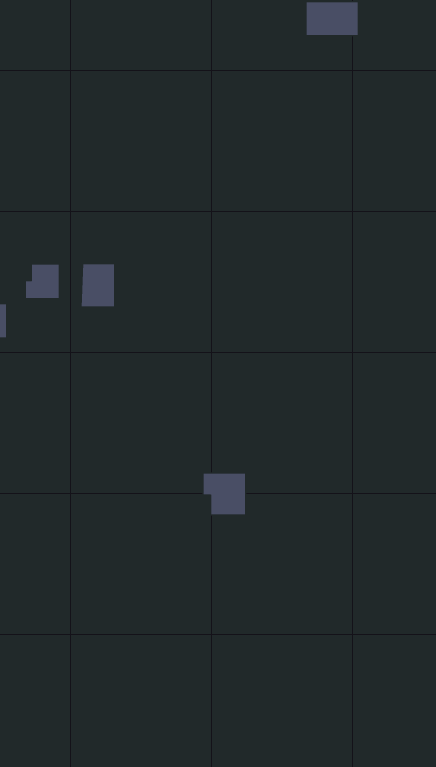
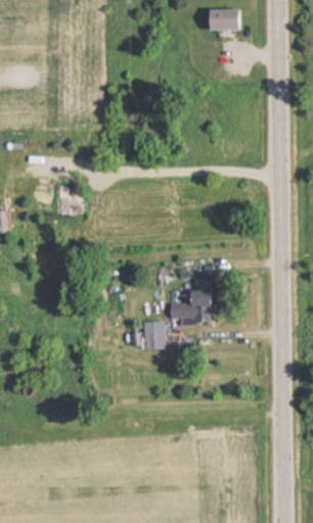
building: [26,264,59,299] -> none
building: none -> [172,280,213,324]

